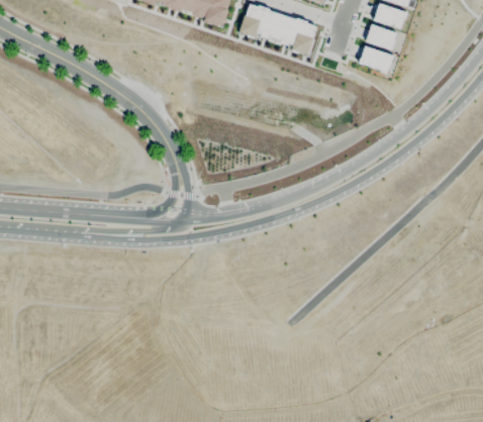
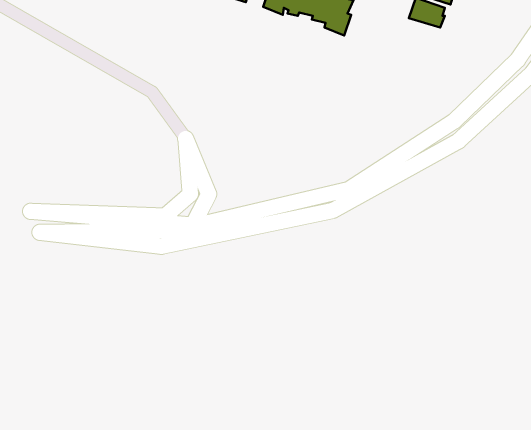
building: [359,45,394,74] -> none

